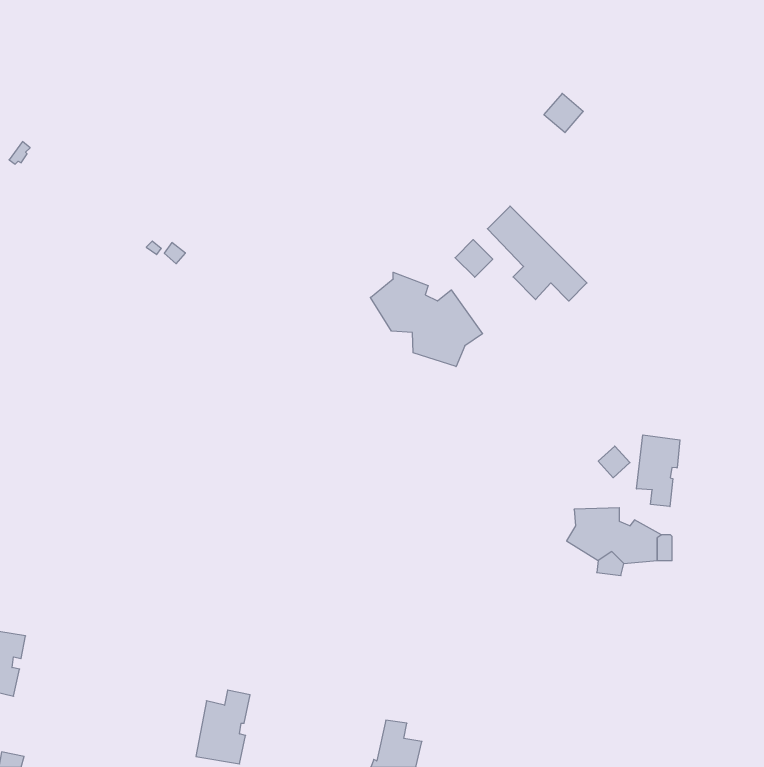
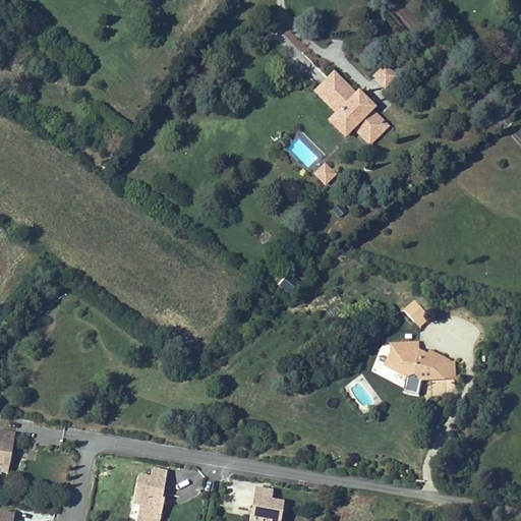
building: [487,206,587,301] -> [312,69,380,133]
building: [370,272,483,367] -> none
building: [637,435,680,507] -> none

